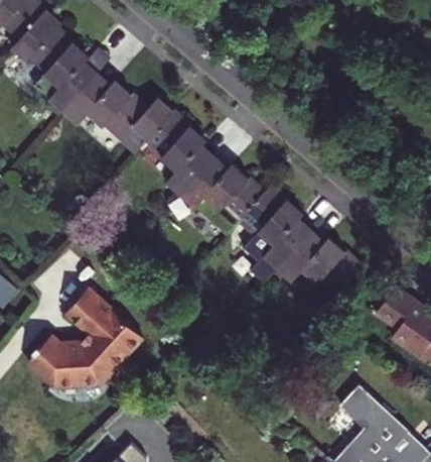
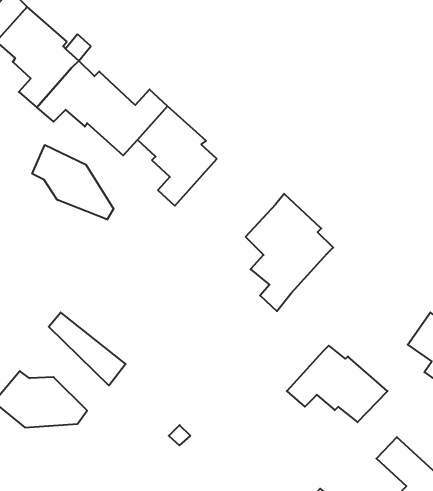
building: none -> [32,145,114,220]
building: [178,155,263,233] -> none
building: [276,230,361,295] -> [287,346,388,422]
building: [60,297,123,367] -> none

